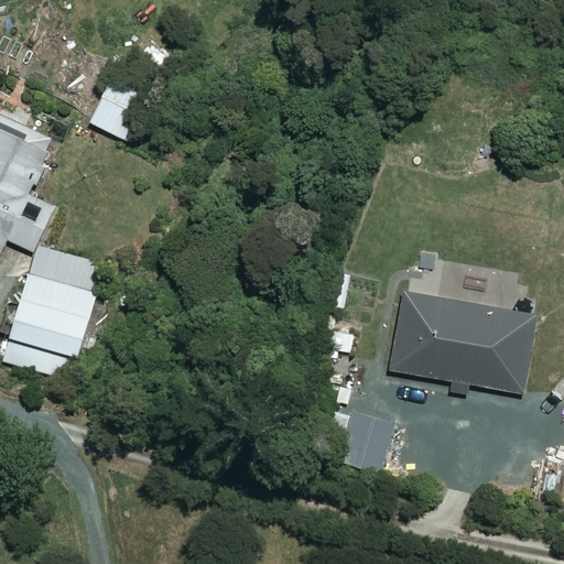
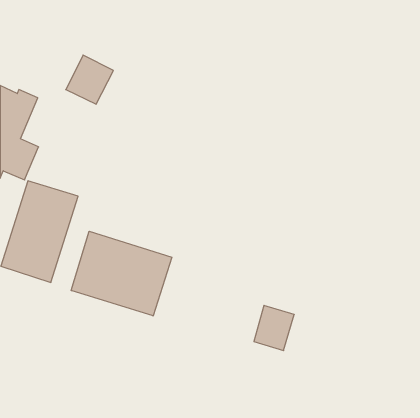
building: [387,292,535,399] -> none
building: none -> [71,231,172,316]

